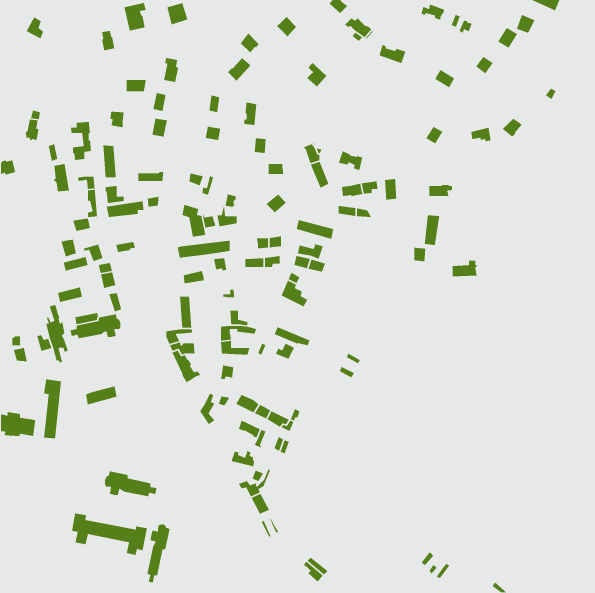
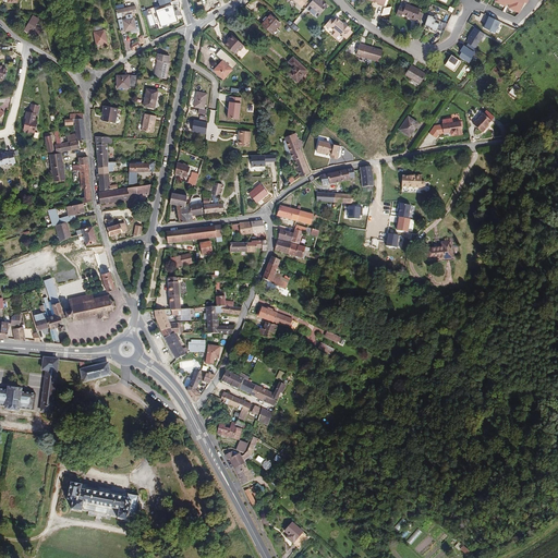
building: [104,470,157,497] -> none
building: [147,524,170,583] -> none

